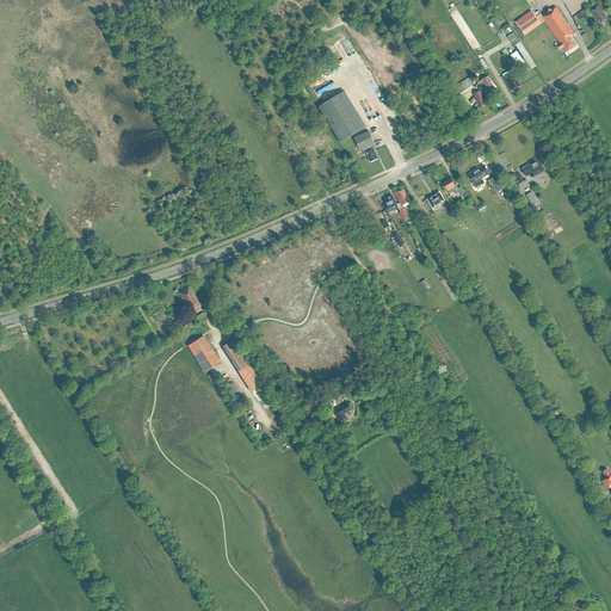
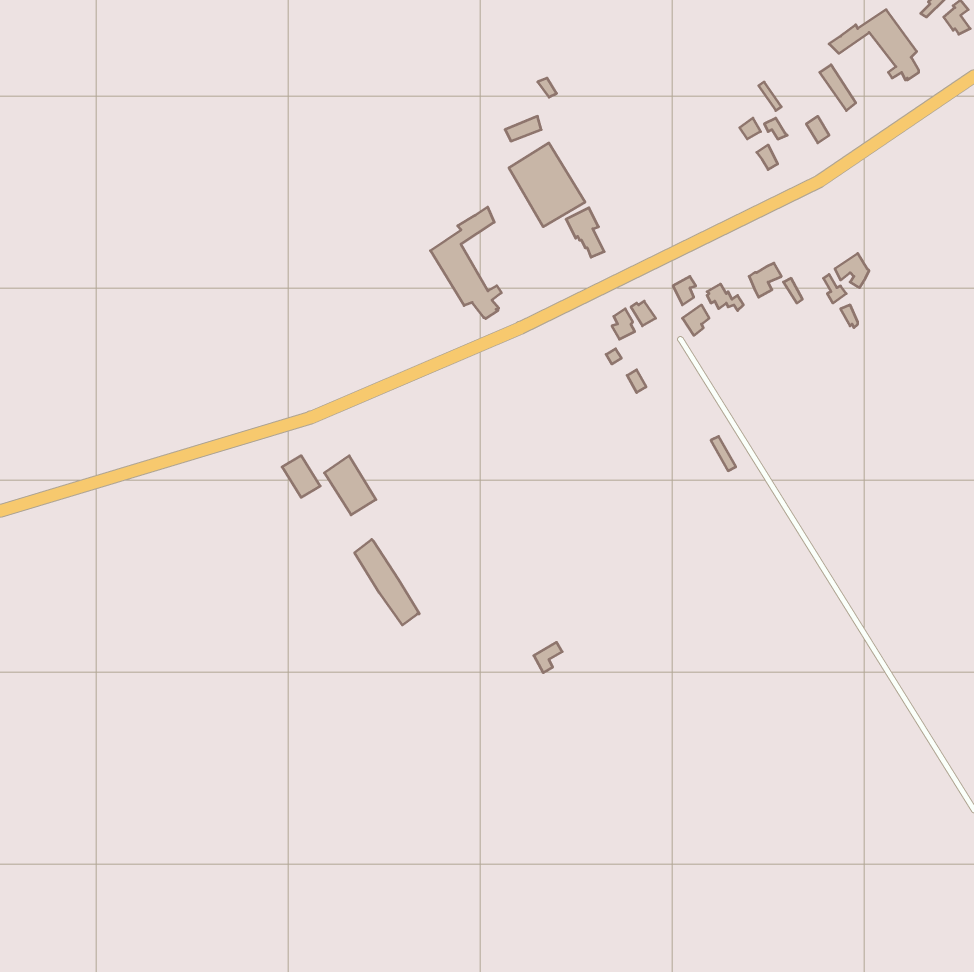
building: none -> [430,207,501,319]
building: [187,334,220,371] -> [324,456,376,515]

